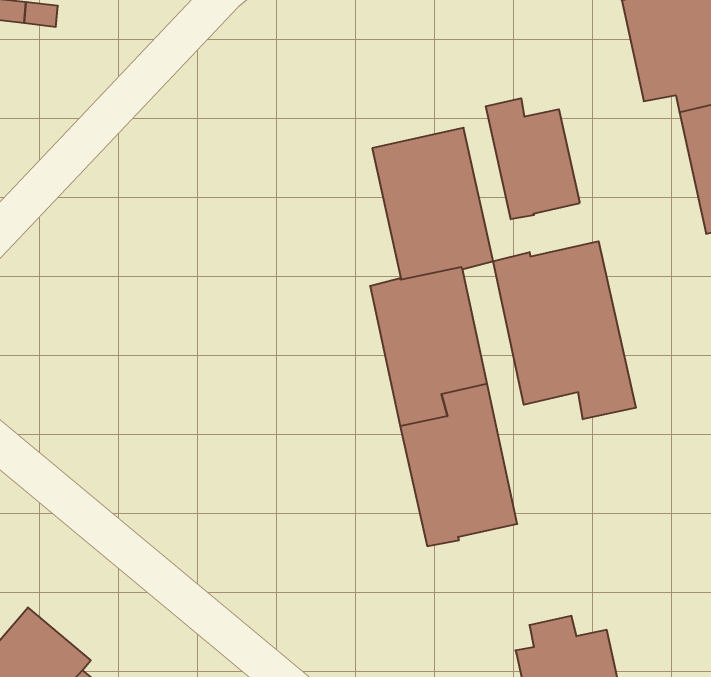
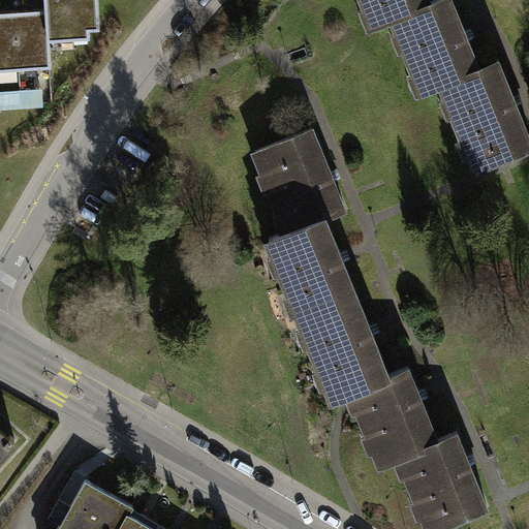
building: [486,98,579,219] -> none
building: [493,241,636,419] -> none
building: none -> [349,367,430,465]

